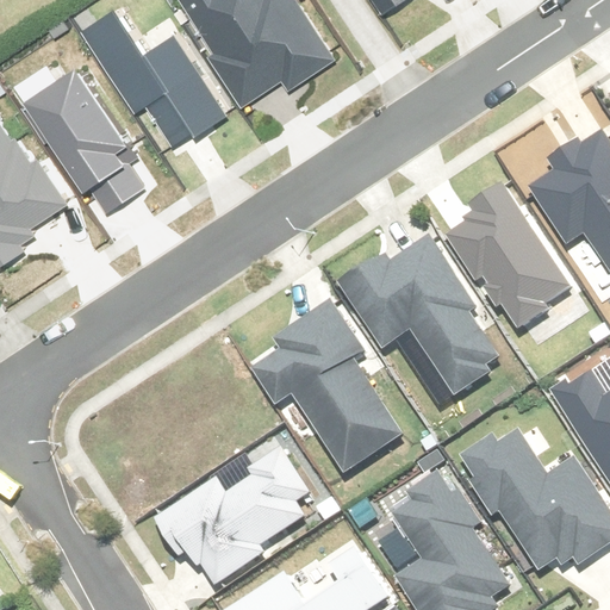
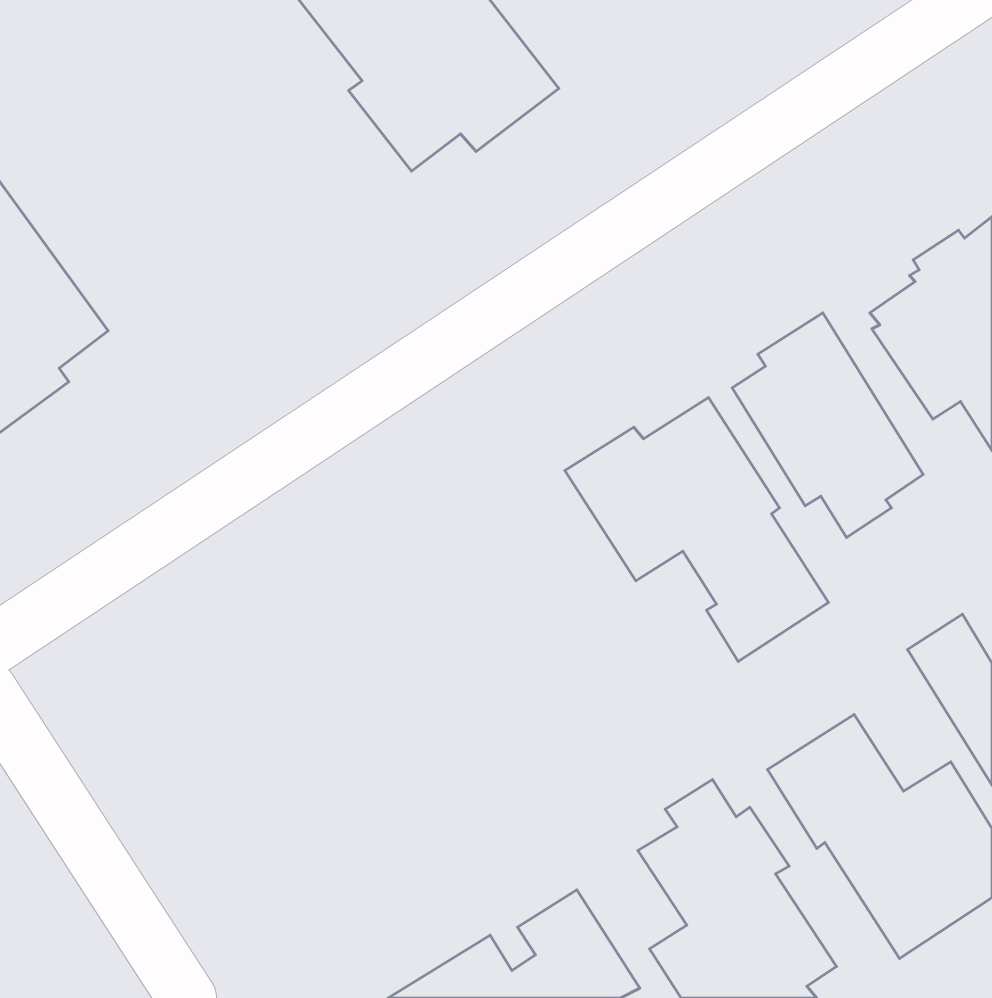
building: [85,6,230,145] -> none
building: [32,64,137,183] -> none
building: [254,305,402,474] -> none
building: [151,443,310,585] -> none

